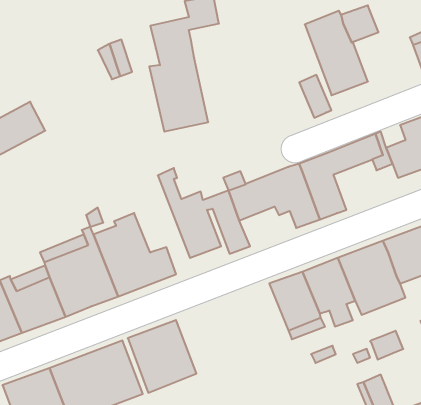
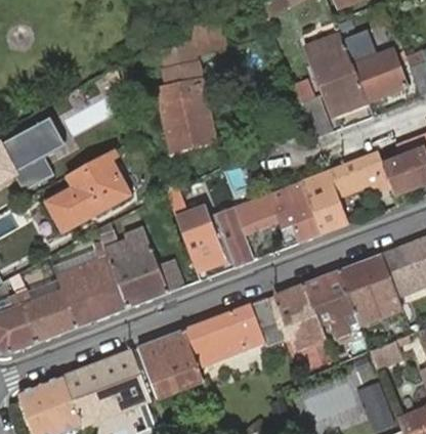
building: none -> [352,50,407,102]
building: none -> [49,151,128,231]
building: none -> [183,298,283,368]

